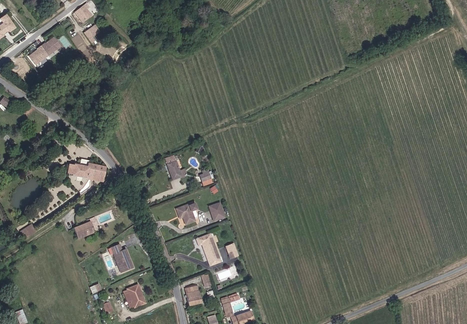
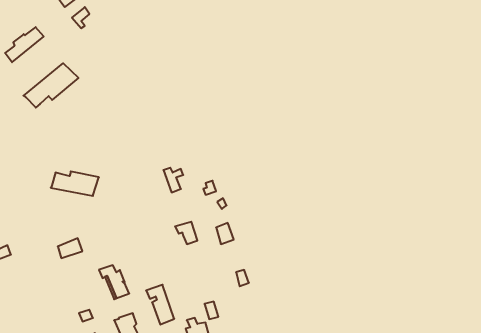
building: none -> [23,63,78,108]
building: [195,234,219,268] -> [146,285,174,325]

